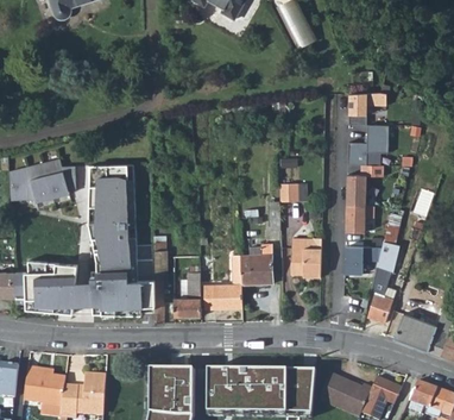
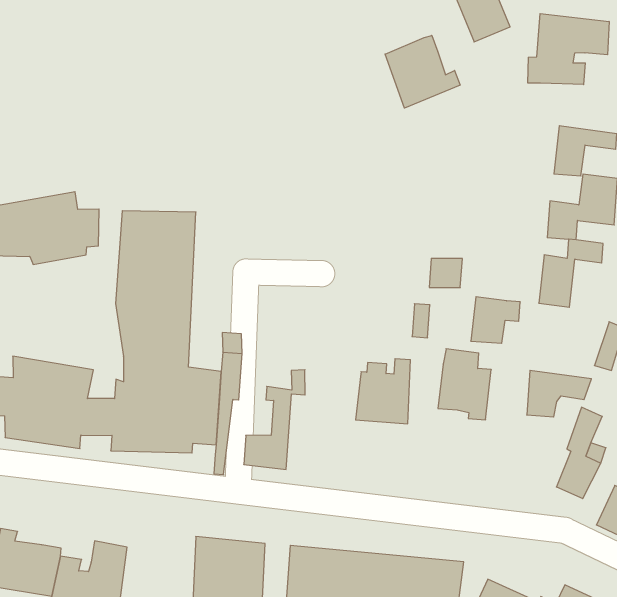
building: none -> [528,14,609,85]
building: none -> [385,35,460,108]
building: [347,205,376,232] -> [471,297,520,343]
building: [204,256,242,309] -> none

